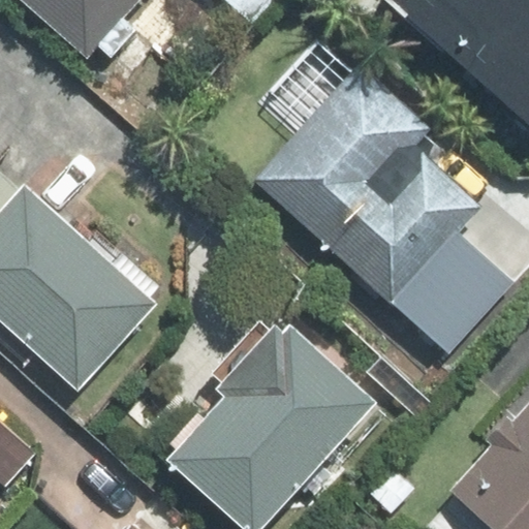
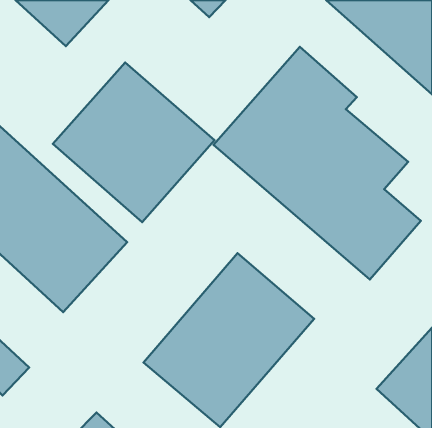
building: none -> [53,63,214,222]

